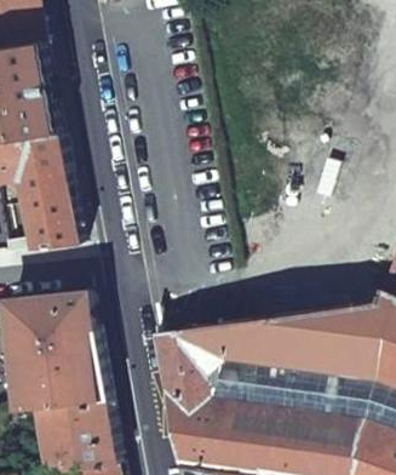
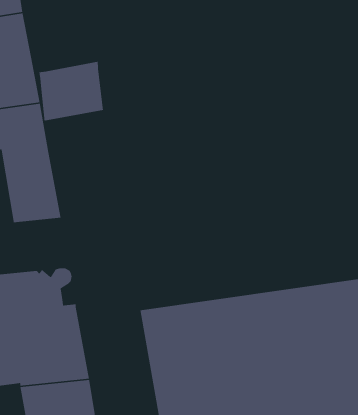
building: none -> [39,61,104,121]

